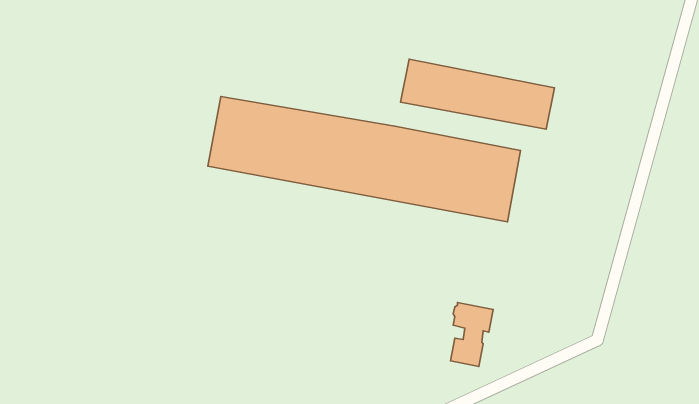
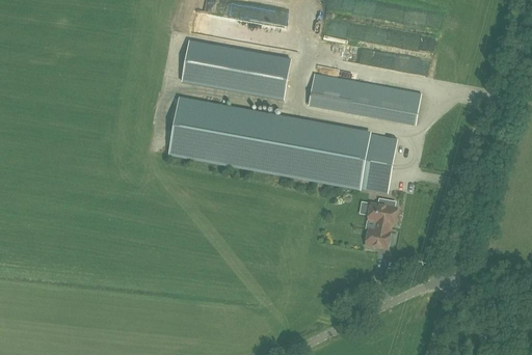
building: none -> [182,40,290,100]
building: [450,302,493,367] -> [365,201,396,248]

